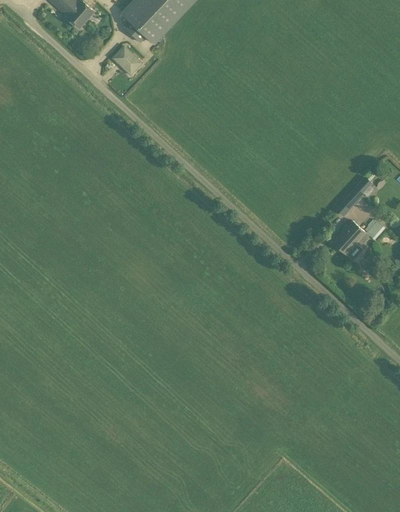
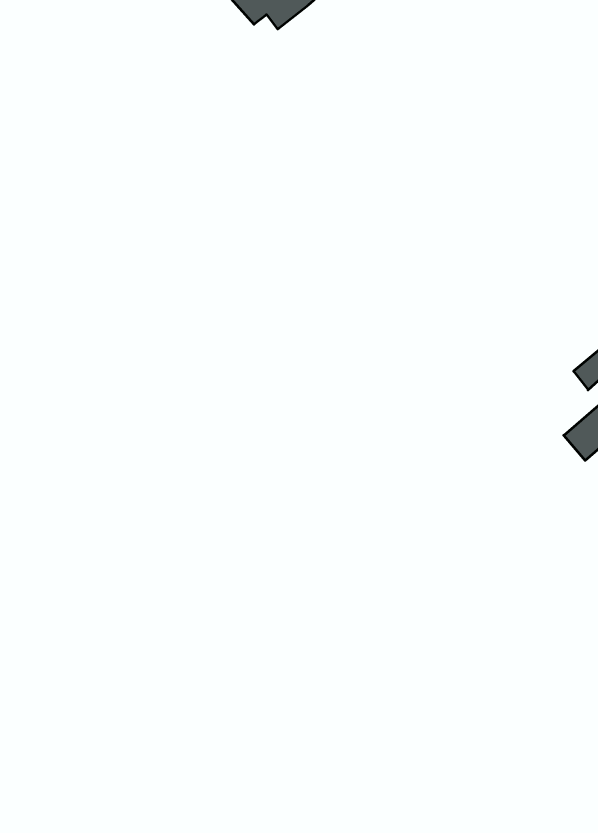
building: [111,44,141,74] -> none

